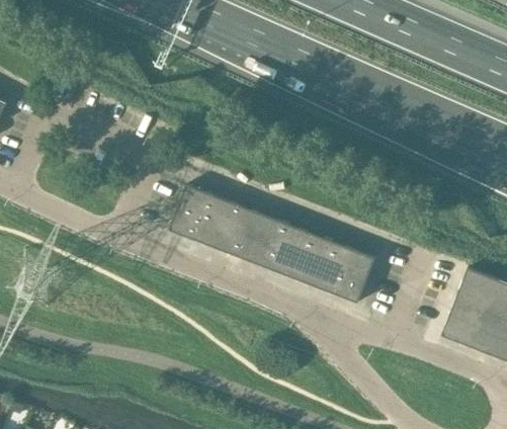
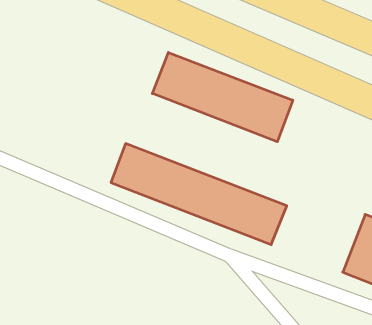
building: none -> [152,52,293,142]

